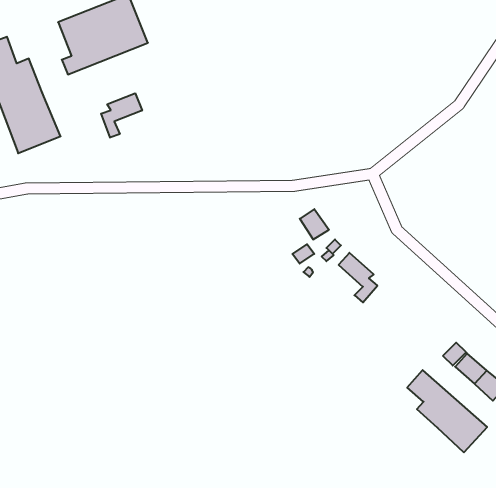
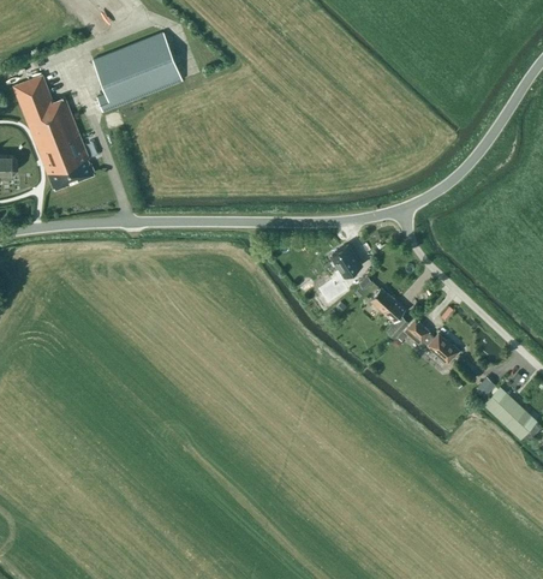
building: [101,93,142,138] -> none
building: none -> [402,320,459,363]
building: [407,370,487,452] -> none

